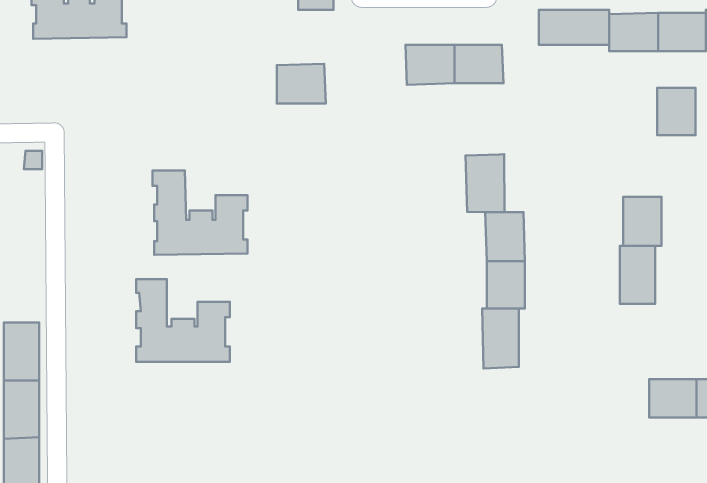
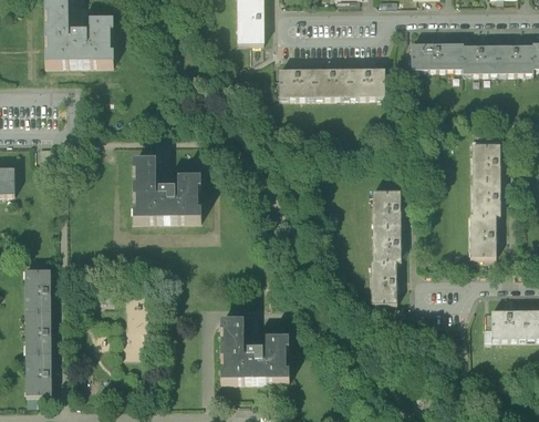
building: [277,64,326,104] -> [281,69,317,97]
building: [657,88,695,135] -> [473,144,500,178]
building: [465,154,504,212] -> none
building: [136,279,230,362] -> [221,320,289,380]

